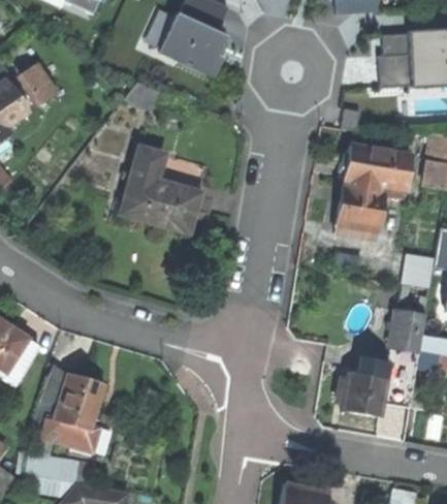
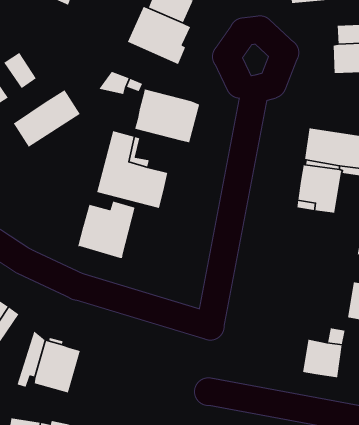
building: none -> [134,88,200,143]
building: none -> [13,89,81,148]
building: none -> [77,201,136,259]
building: [42,413,100,453] -> none

